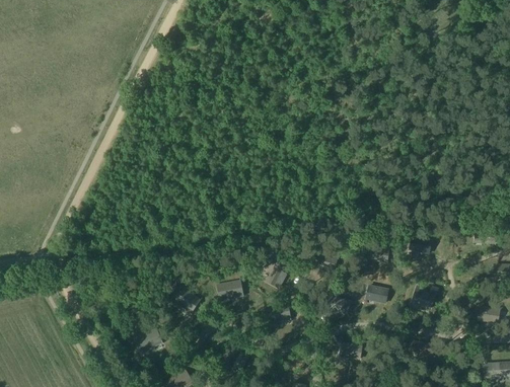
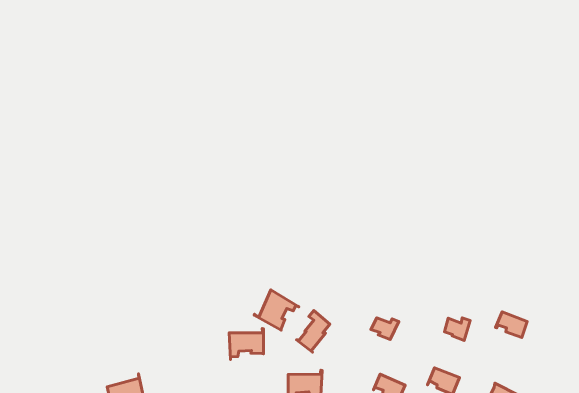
building: none -> [254,290,299,330]
building: [169,287,202,315] -> none

